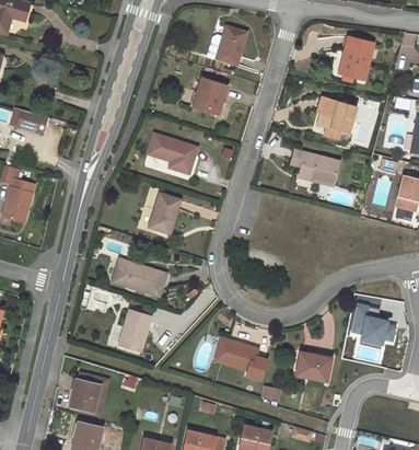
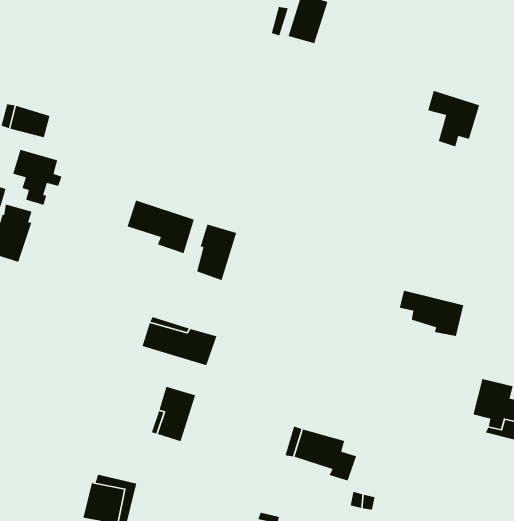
building: [341,37,373,79] -> none
building: [193,77,226,115] -> none
building: [148,134,197,173] -> [127,199,195,254]
building: none -> [12,149,62,206]
building: [291,150,338,184] -> [399,290,464,337]
building: [296,349,330,380] -> none

